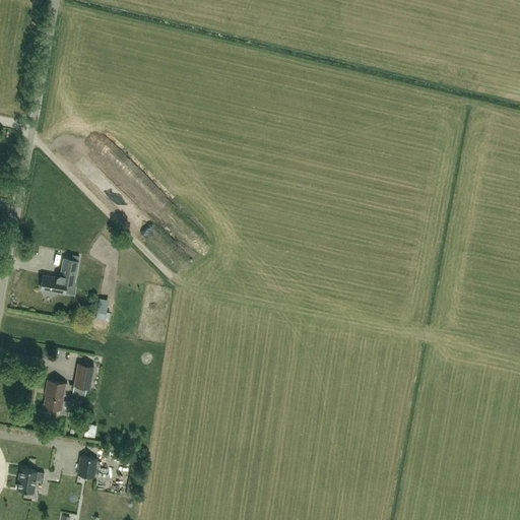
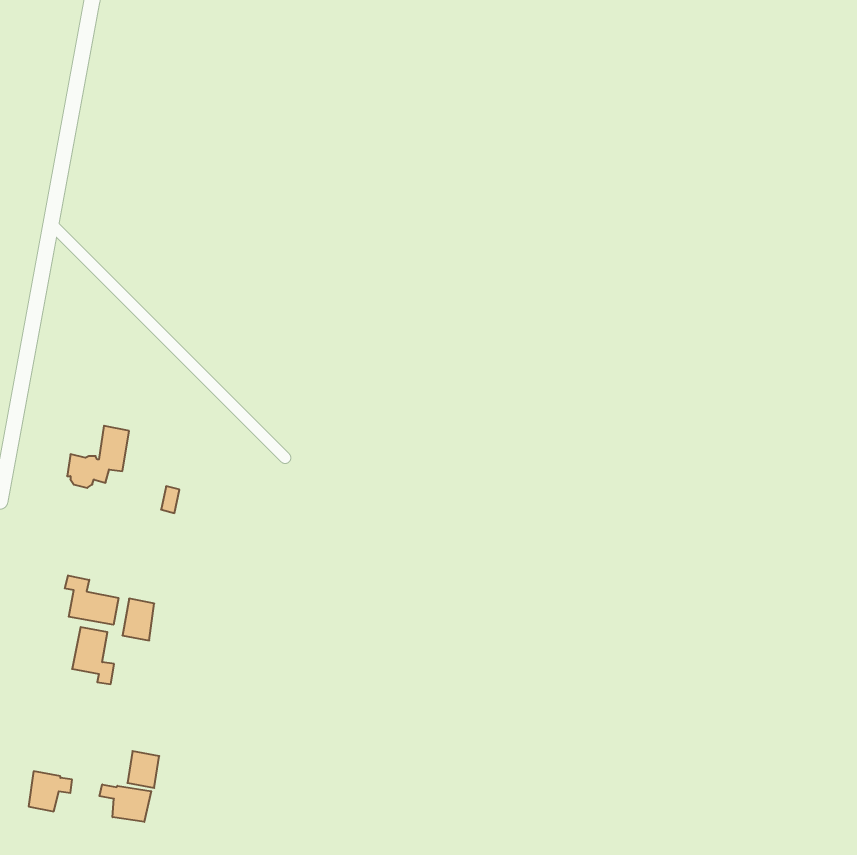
building: none -> [65,575,118,625]
building: none -> [99,784,151,822]

